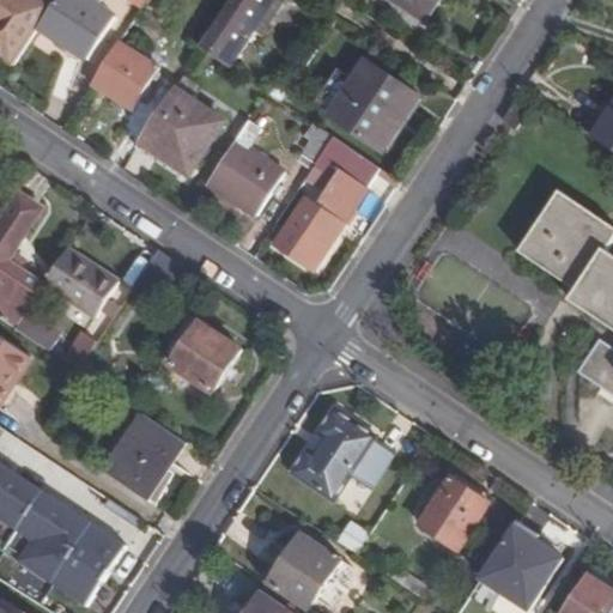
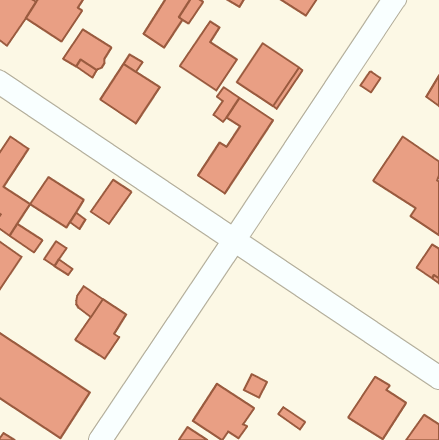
building: [205,119,284,214] -> [180,21,237,91]
building: [170,320,239,390] -> none
building: [290,407,392,499] -> none
building: [418,475,487,550] -> none

